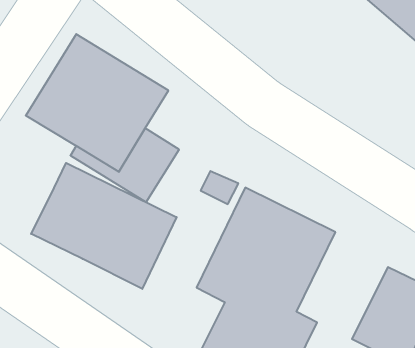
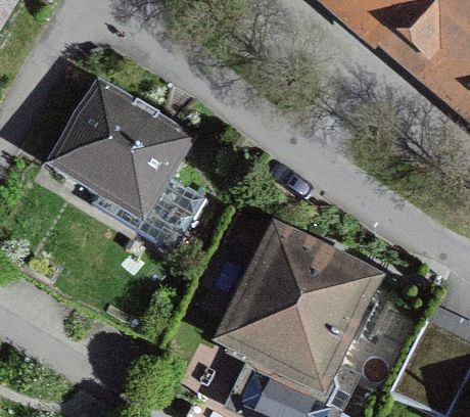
building: [31,163,177,289] -> none

